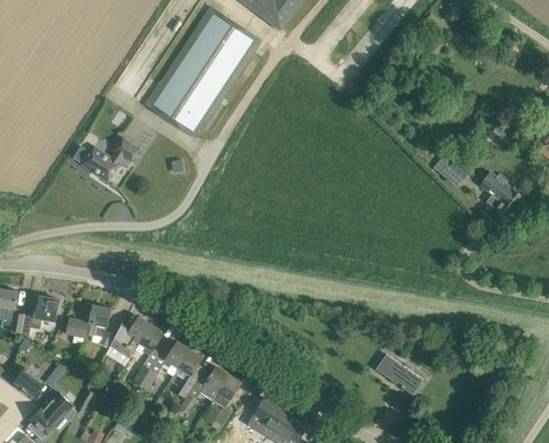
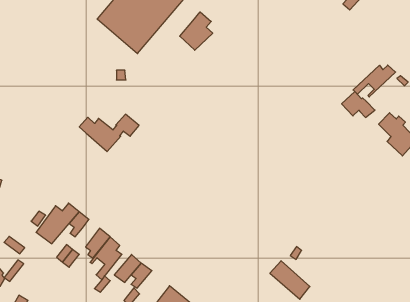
building: none -> [180,12,213,50]
building: none -> [353,65,396,97]
building: [72,138,140,182] -> [79,114,139,152]
building: [66,305,111,338] -> none

